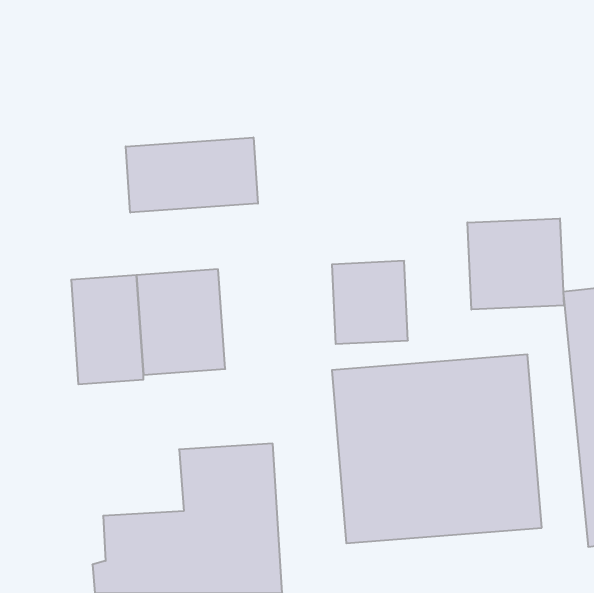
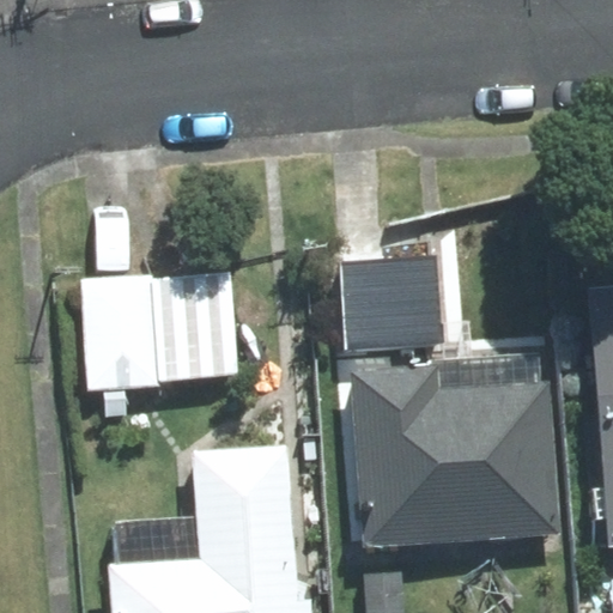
building: [126,137,258,213] -> none
building: [467,218,564,310] -> none

